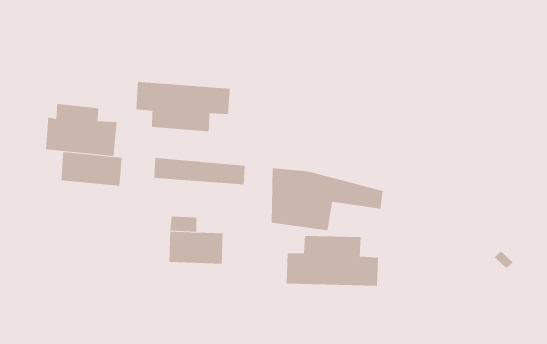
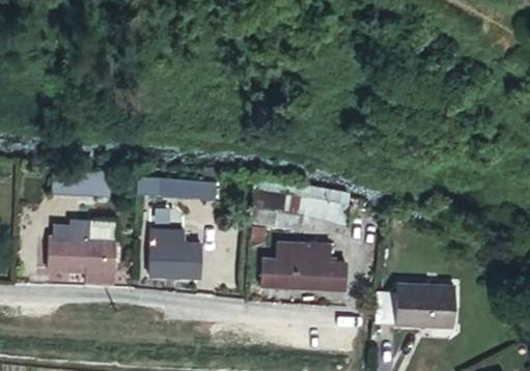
building: [136,81,230,132] -> none
building: [45,103,118,156] -> [51,223,116,270]
building: none -> [378,289,454,331]

